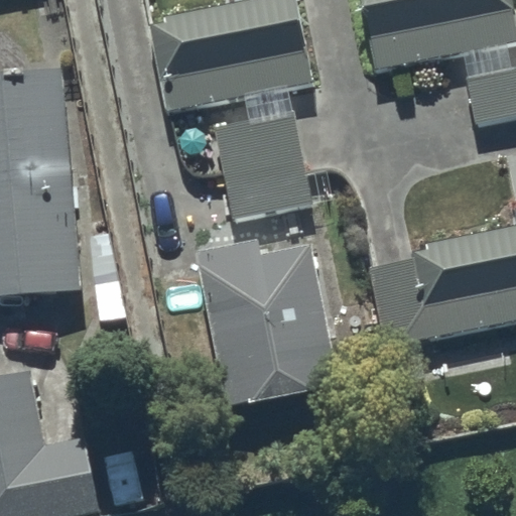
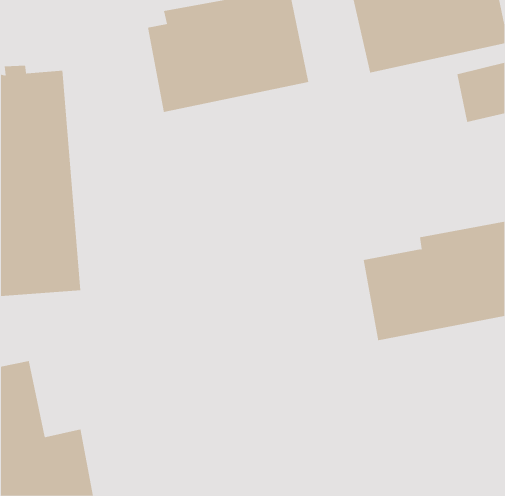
building: [213,104,311,221] -> none
building: [194,241,341,415] -> none

